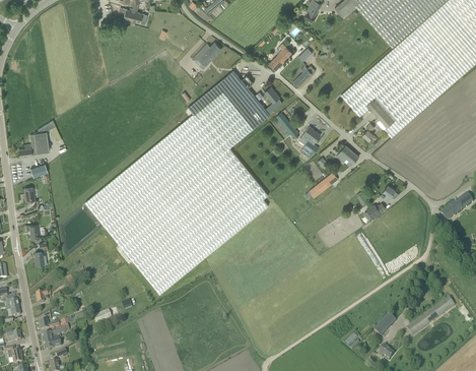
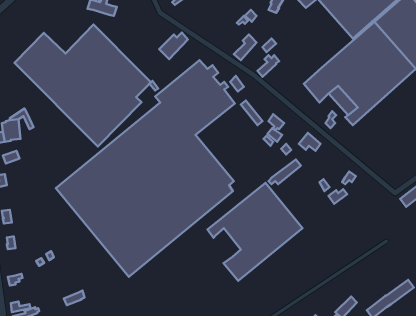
building: none -> [14,25,151,146]
building: none -> [207,183,302,281]

